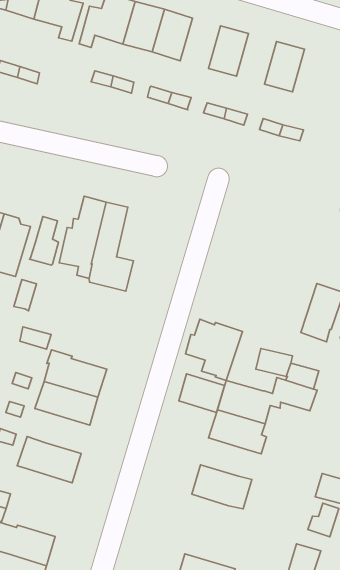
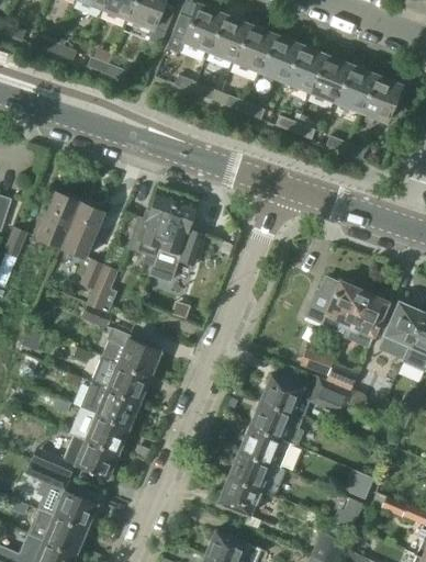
building: none -> [259,35,300,83]
building: none -> [310,55,350,103]
building: none -> [360,75,402,124]
building: [30,216,59,265] -> [88,267,117,313]
building: [186,319,243,380] -> [310,278,365,337]
building: [179,374,225,412] -> [239,426,283,464]
building: none -> [91,382,141,428]
building: none -> [64,436,119,481]
building: none -> [217,476,261,516]

